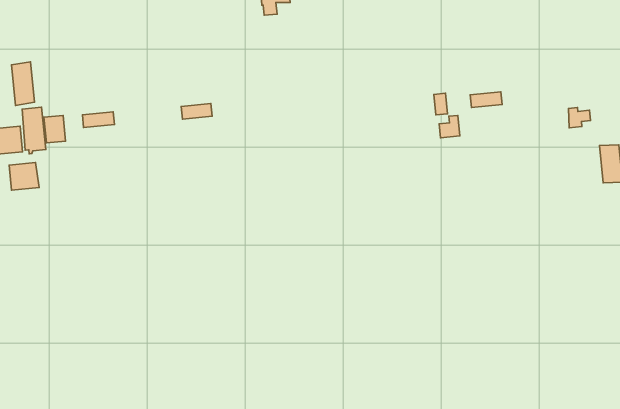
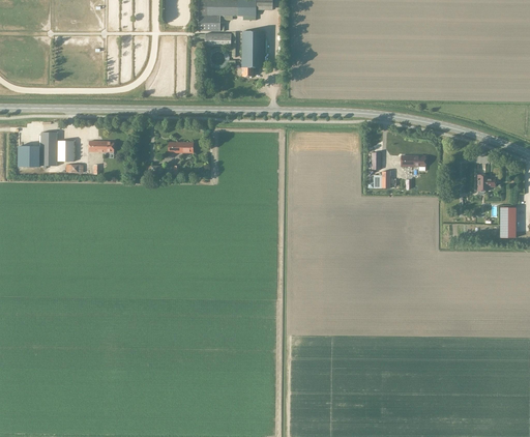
building: [12,62,34,106] -> none
building: [9,163,39,190] -> none

